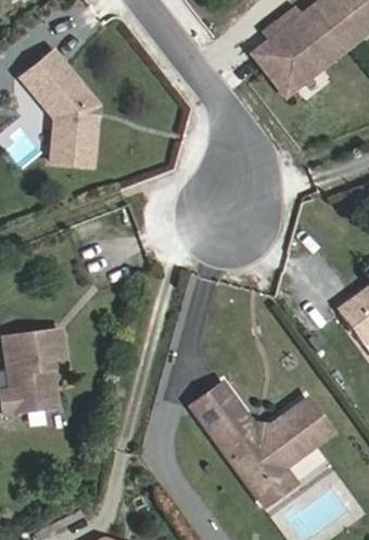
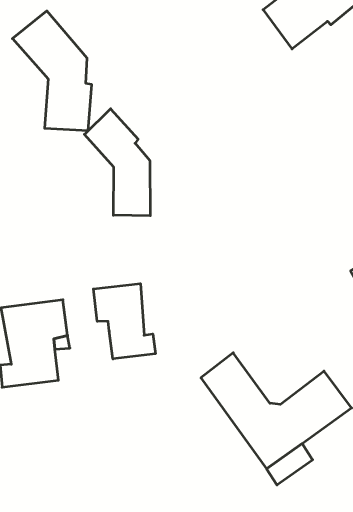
building: none -> [84,109,150,216]
building: none -> [93,284,155,359]

